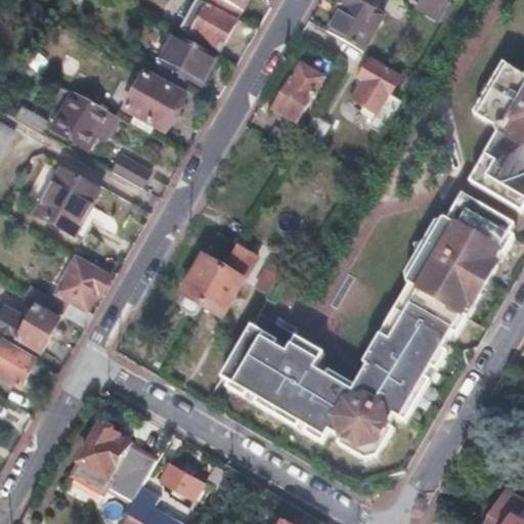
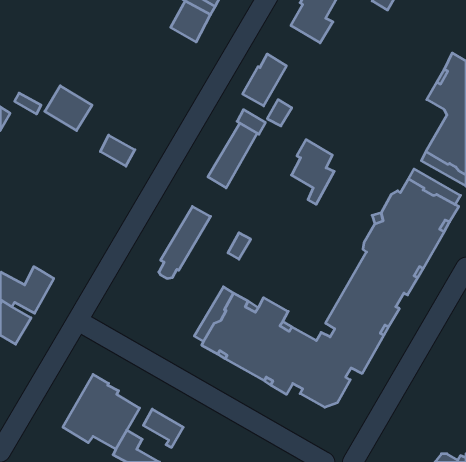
building: [158,31,216,83] -> none
building: [351,57,399,130] -> [291,140,334,204]
building: [123,71,183,129] -> none
building: [38,171,102,237] -> none
building: [201,243,256,315] -> [208,123,257,188]
building: [47,255,107,328] -> none

